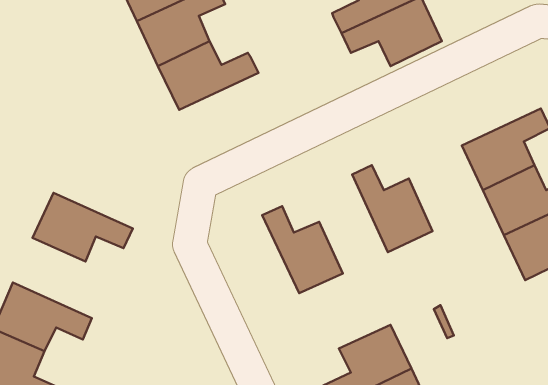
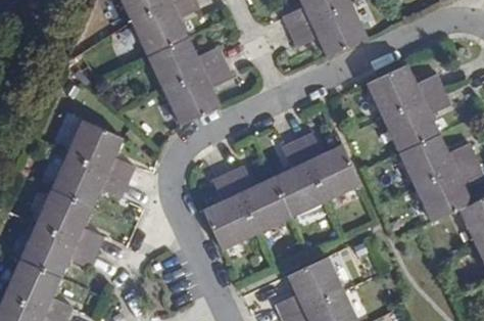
building: none -> [163,62,232,126]
building: none -> [366,64,443,119]
building: none -> [66,120,135,183]
building: none -> [272,141,325,218]
building: none -> [202,173,256,249]
building: none -> [35,190,103,253]

